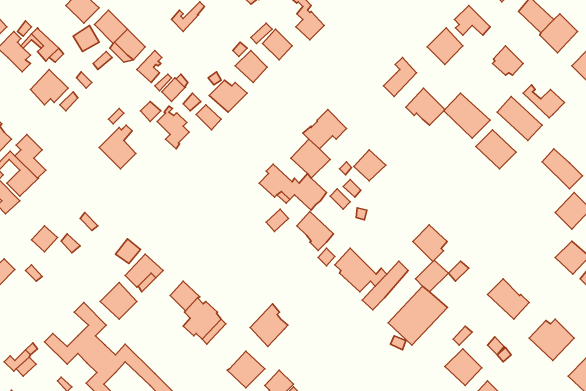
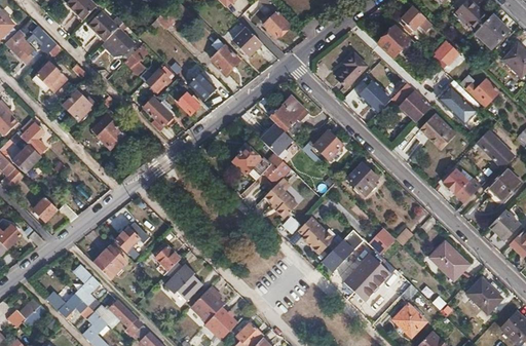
building: none -> [64,92,95,119]
building: none -> [443,169,481,202]
building: [413,225,447,262] -> [347,163,377,195]
building: [250,304,288,346] -> [191,284,224,321]

